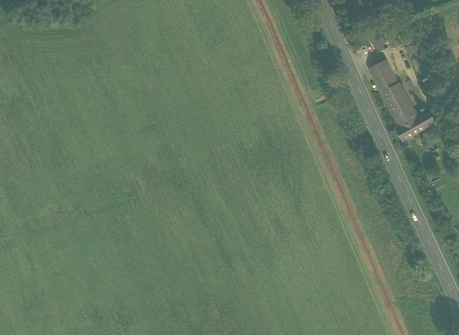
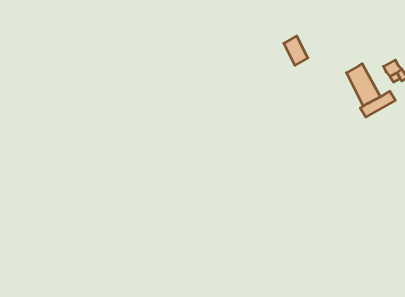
building: [368,55,394,87] -> [284,36,308,65]

